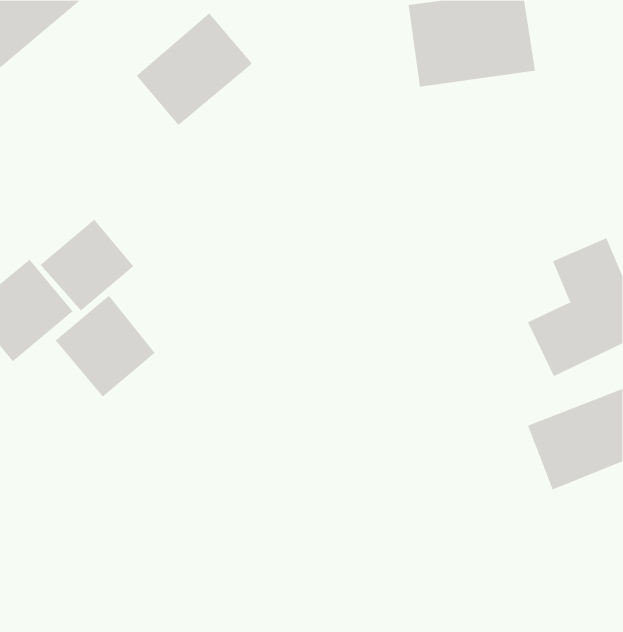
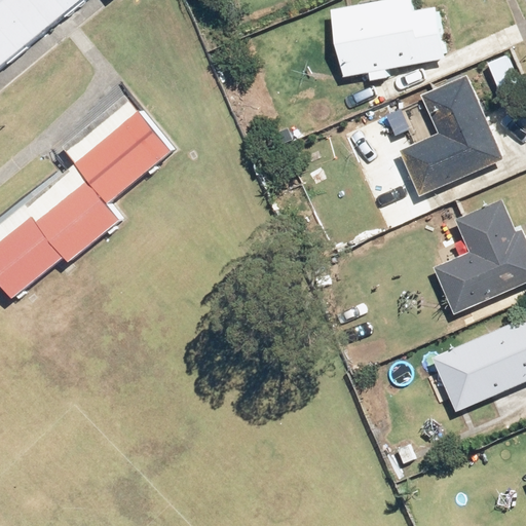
building: [136,13,253,126] -> [69,110,165,203]
building: none -> [402,76,504,199]
building: [55,295,155,398] -> none

